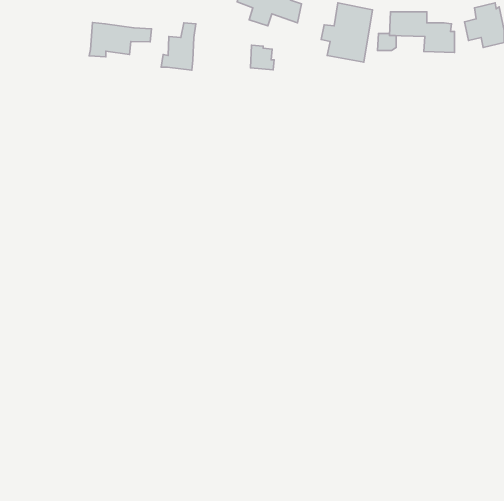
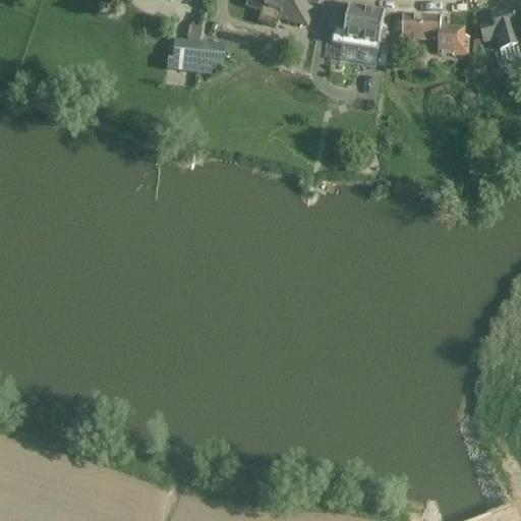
building: [89,23,152,57] -> none
building: [250,45,274,70] -> [198,39,223,64]

